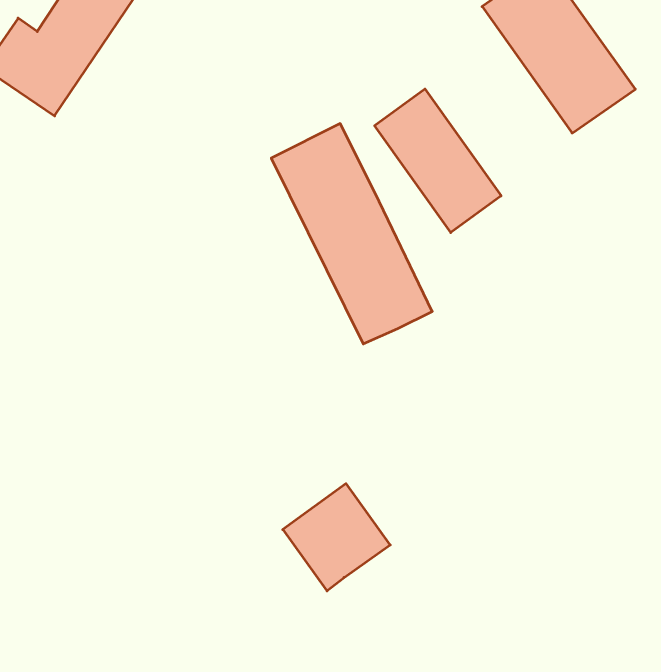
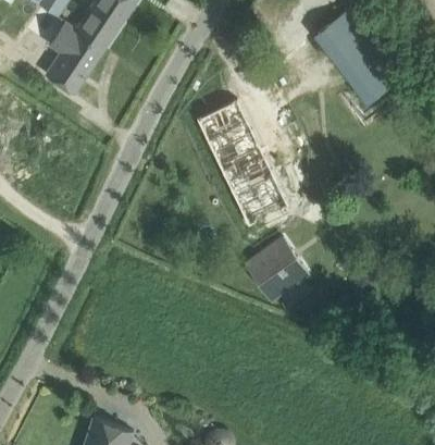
building: [375,89,501,233] -> none
building: [283,484,390,591] -> [246,239,307,300]

